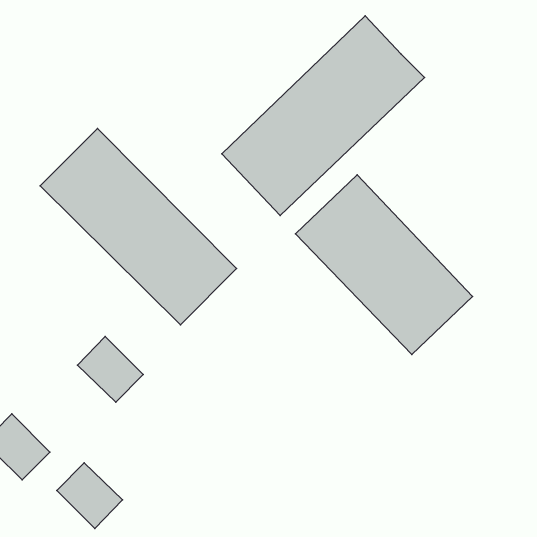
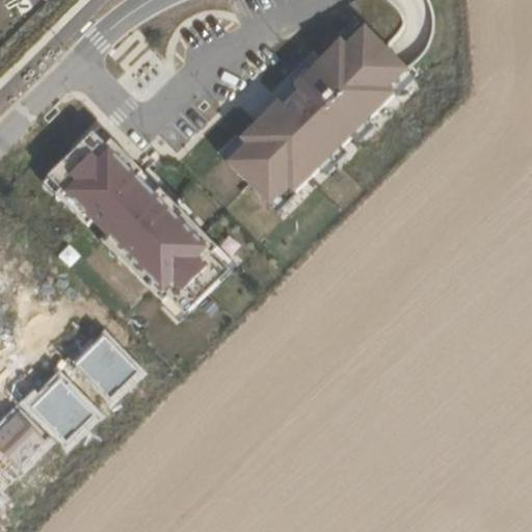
building: [295,175,472,354] -> none
building: [57,463,123,529] -> [26,374,90,438]

